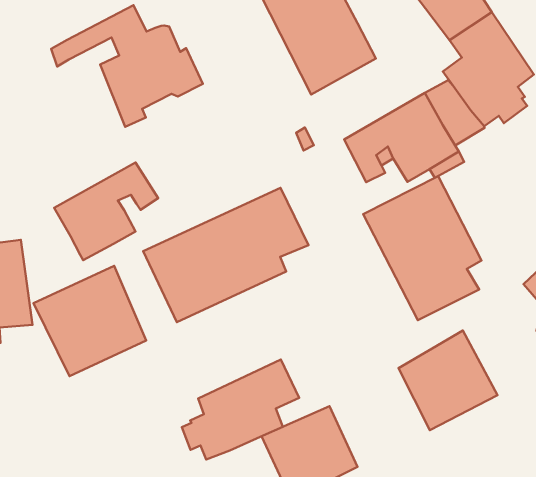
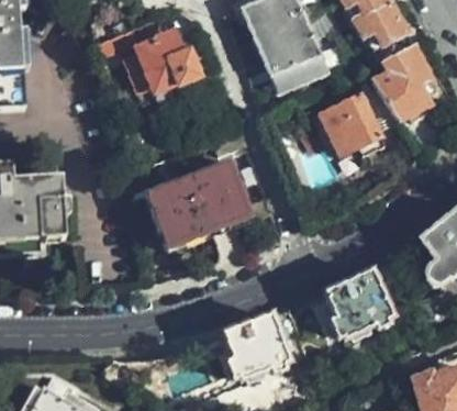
building: [54,162,158,260] -> none
building: [363,176,482,320] -> none
building: [33,266,146,376] -> none
building: [182,359,299,459] -> none

